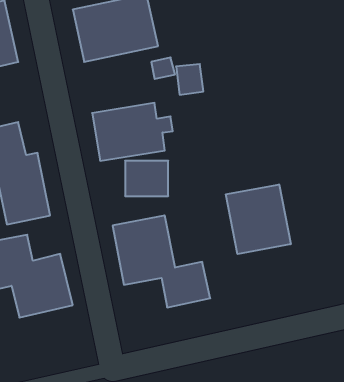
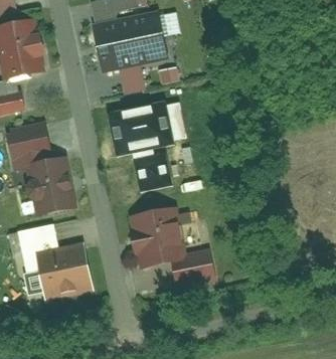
building: [176,64,203,95] -> [126,67,150,95]
building: [226,184,291,254] -> none

